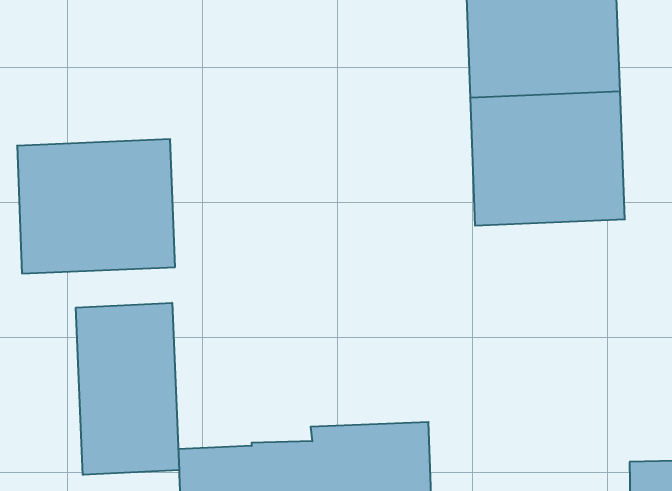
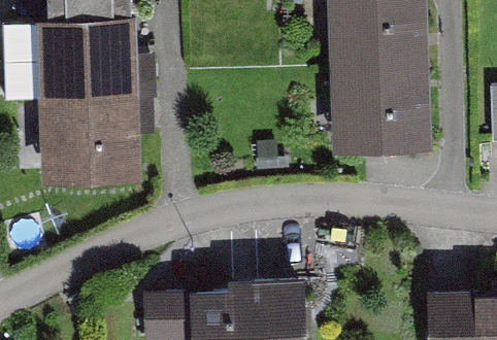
building: none -> [35,13,137,99]
building: [76,303,179,475] -> none

